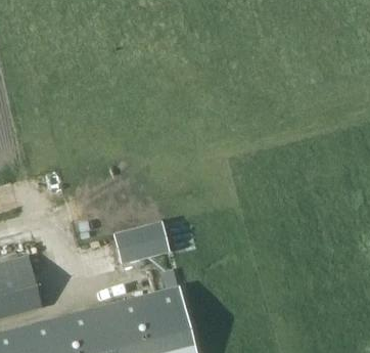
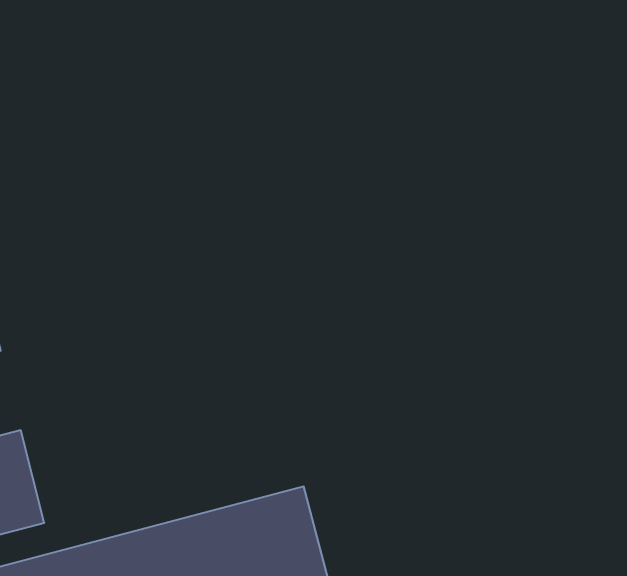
building: [115,223,170,259] -> none

